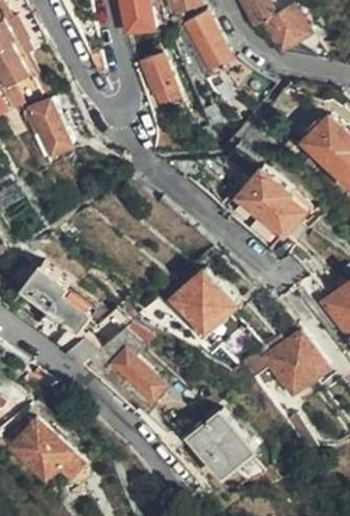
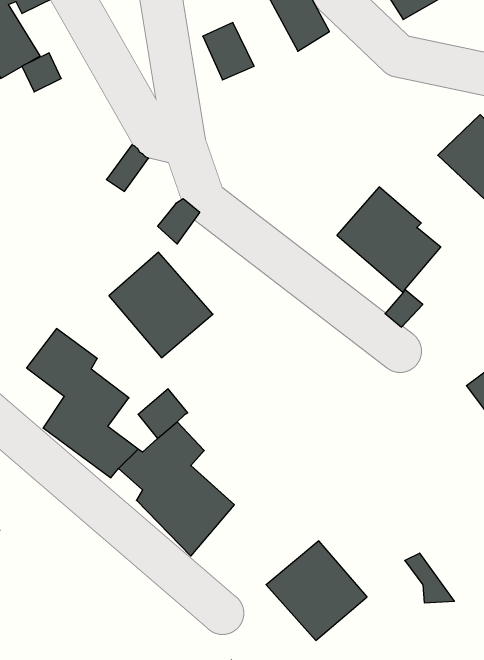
building: [22,96,71,153] -> none
building: [170,267,241,340] -> [109,252,213,358]
building: [239,329,326,395] -> none
building: [8,417,87,484] -> none

